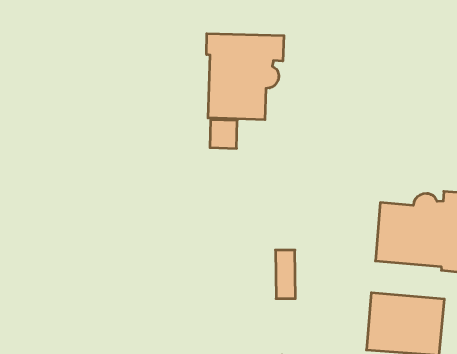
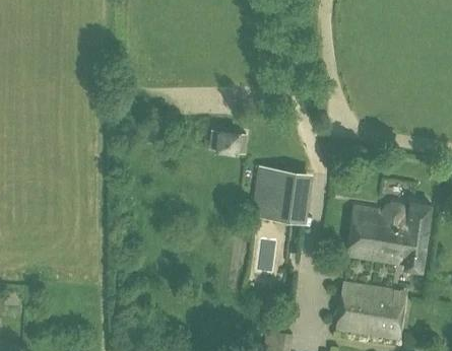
building: [207,34,284,120] -> none
building: none -> [252,165,312,222]

